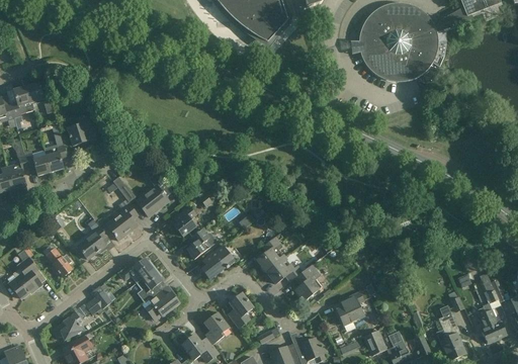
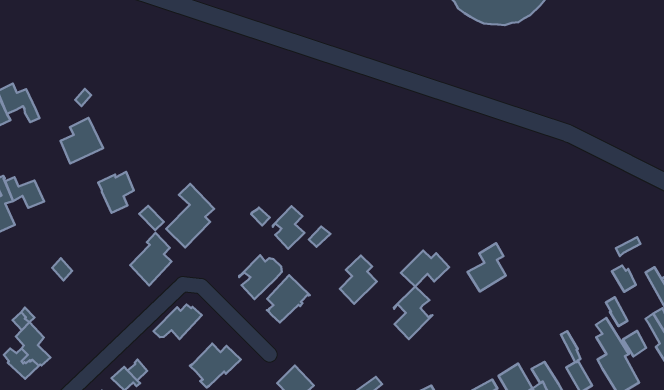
building: [44,143,69,171] -> [98,172,134,213]
building: [174,206,196,237] -> [273,206,304,249]
building: [78,226,107,260] -> none
building: [46,247,73,277] -> none
building: [266,258,301,283] -> [401,251,449,287]
building: [137,267,162,301] -> none
building: [336,291,363,325] -> [468,243,506,291]
building: [229,293,254,328] -> none

